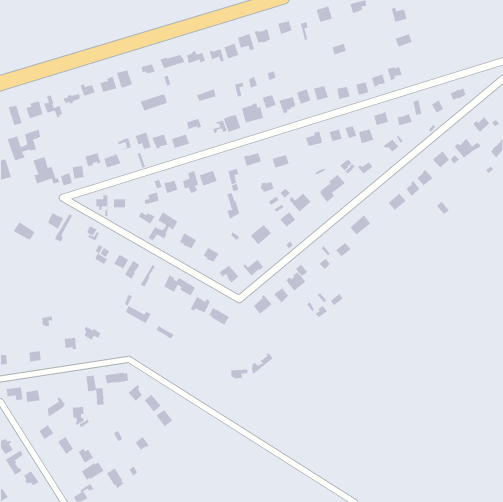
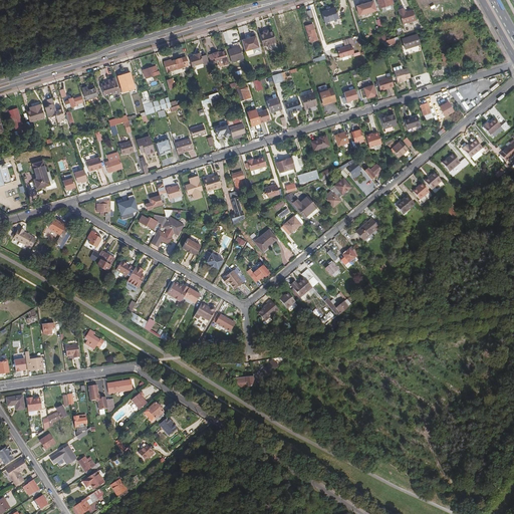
building: [7,129,41,161] -> none

